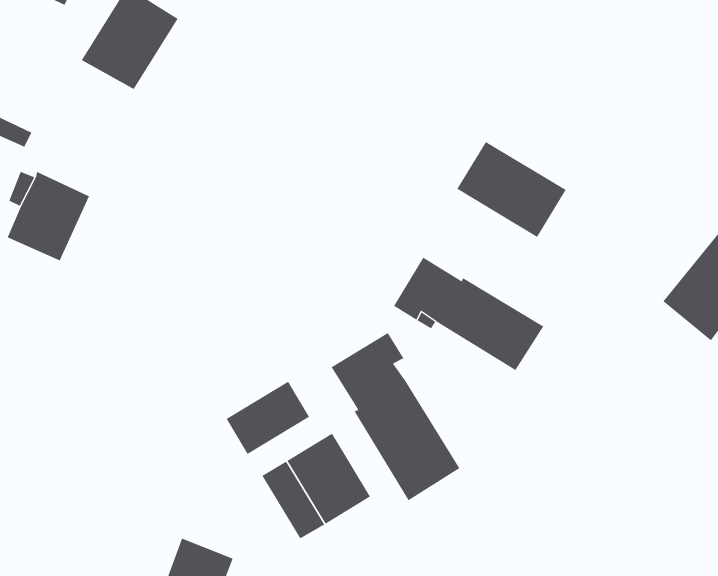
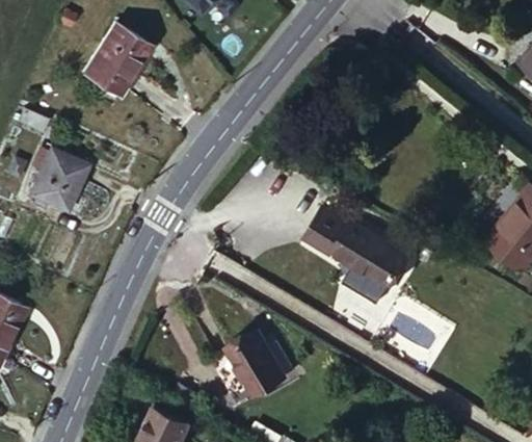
building: [456,141,567,238] -> none
building: [331,332,460,501] -> none
building: [226,381,310,455] -> none

